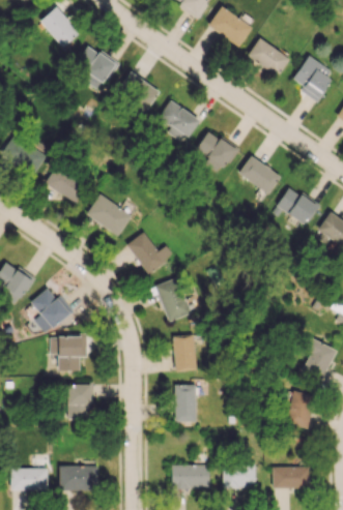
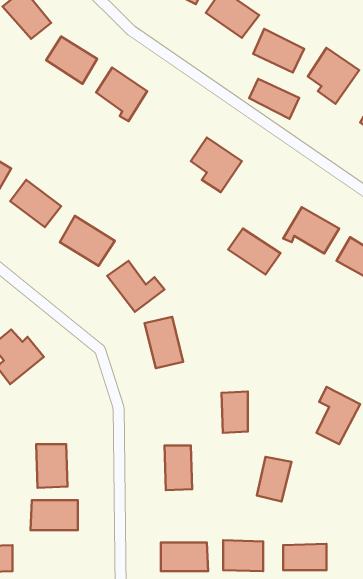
building: none -> [249,79,299,119]
building: [158,101,199,142] -> none
building: [237,156,281,194] -> [228,228,280,274]
building: [50,336,86,370] -> none
building: [173,336,195,370] -> [222,392,248,433]
building: [285,391,314,428] -> [257,457,292,502]
building: [58,466,97,490] -> [31,500,78,530]

